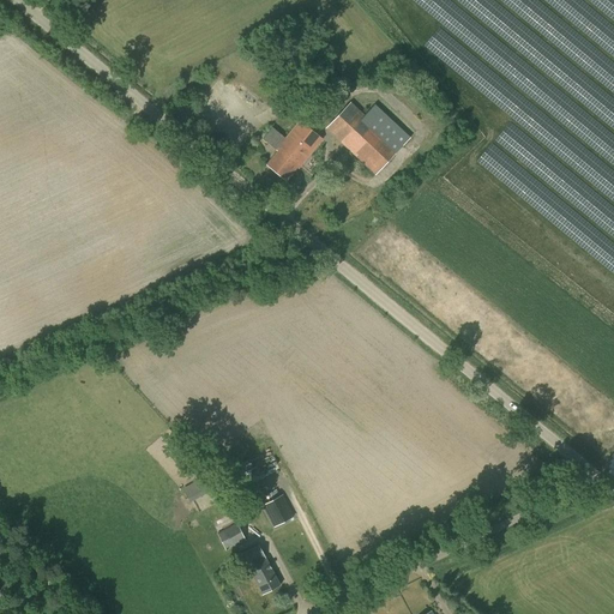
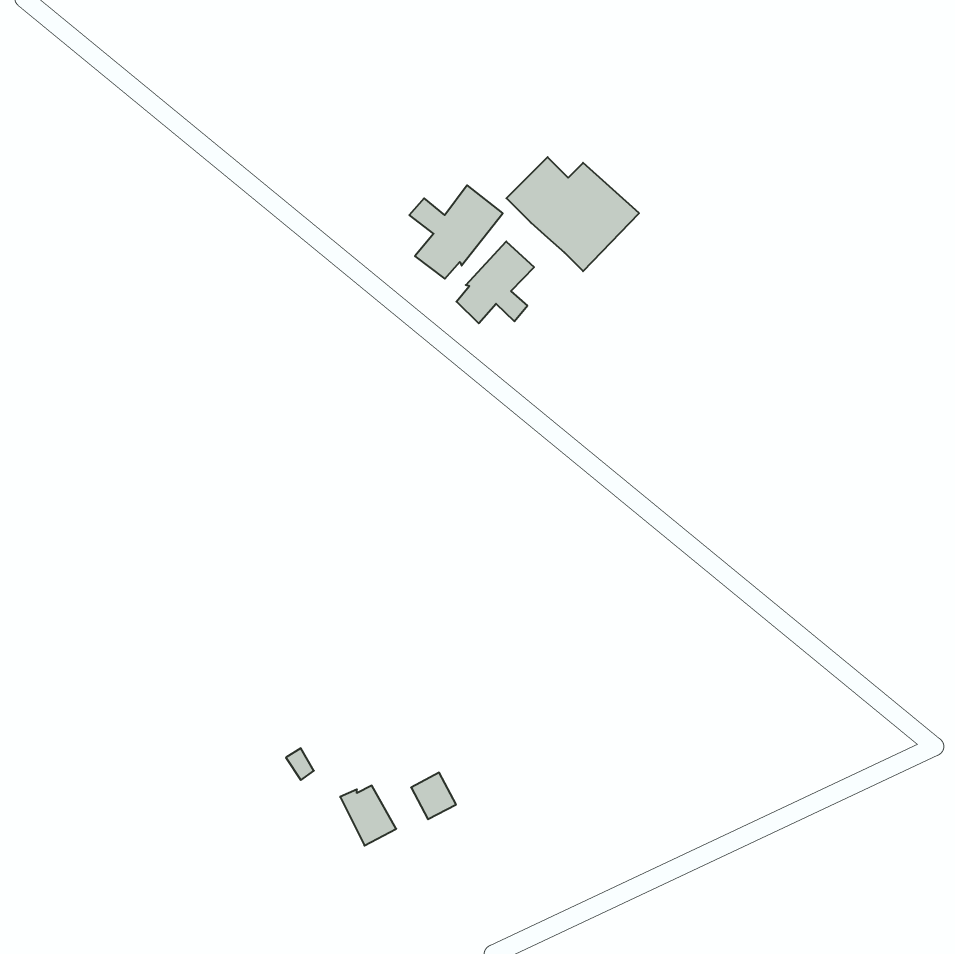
building: none -> [456,241,534,323]
building: [240,543,281,594] -> none

